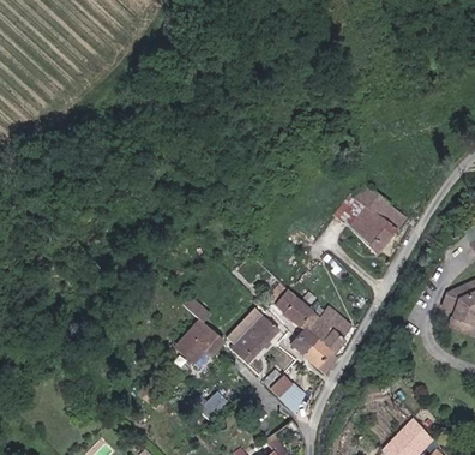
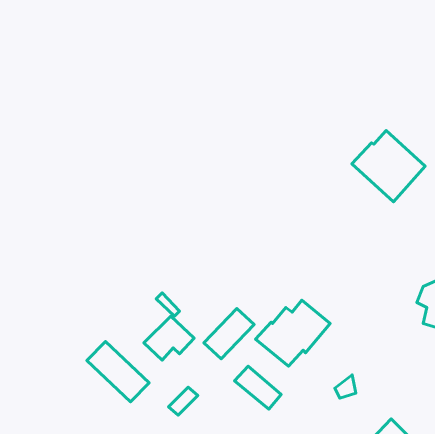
building: [333,182,405,252] -> [352,131,425,202]
building: [265,283,313,328] -> none
building: none -> [87,342,149,402]

